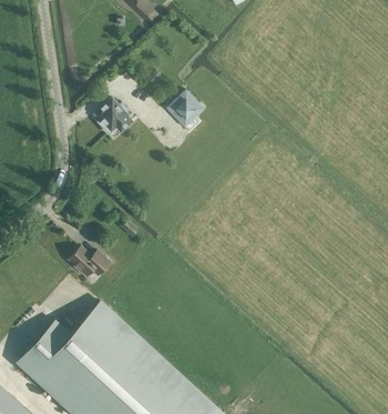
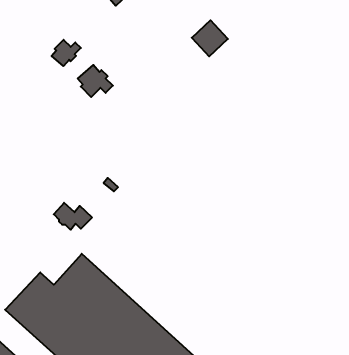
building: none -> [52,40,81,66]
building: [166,89,205,128] -> [192,20,228,56]

